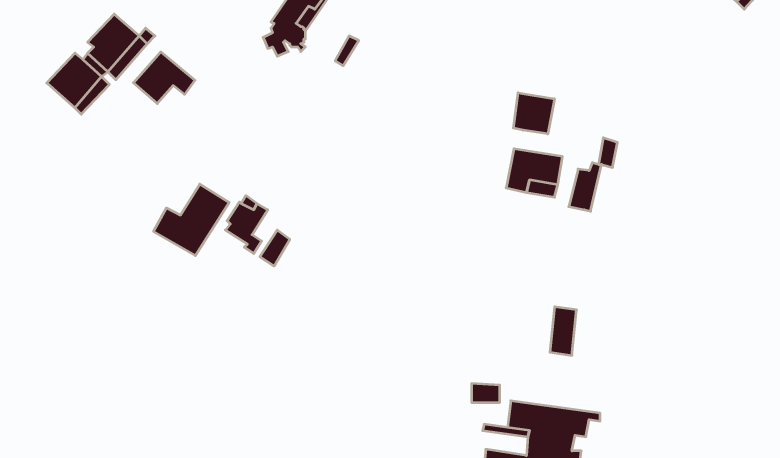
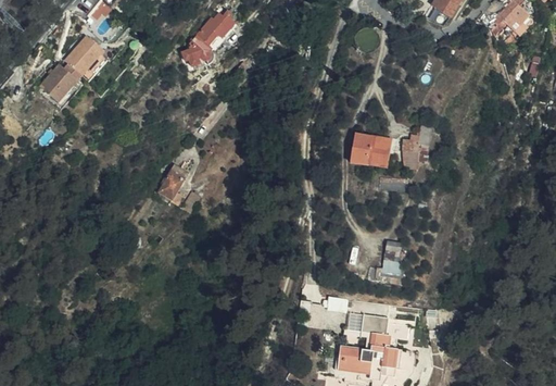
building: [133,52,195,104] -> none
building: [513,93,554,134] -> none
building: [154,184,229,256] -> none

